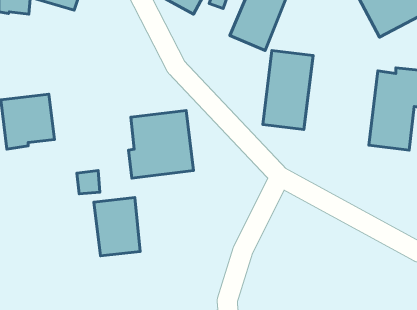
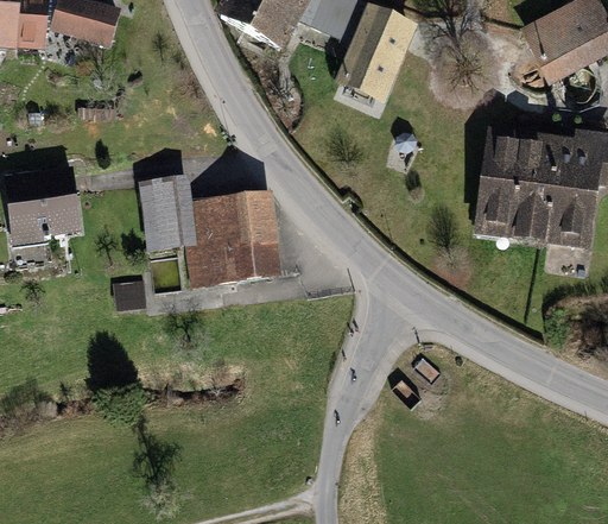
building: [263,51,313,130] -> [475,126,547,240]
building: none -> [138,175,196,252]
building: [94,198,140,256] -> none

